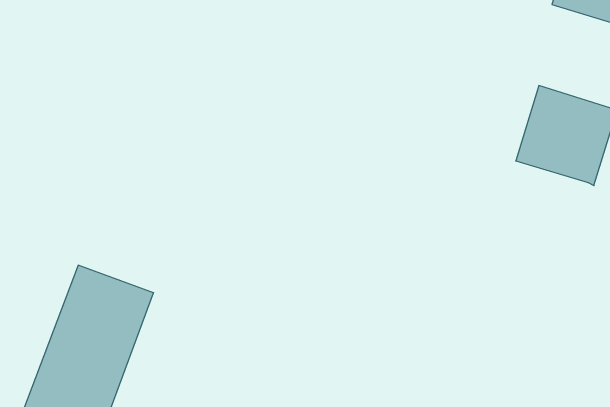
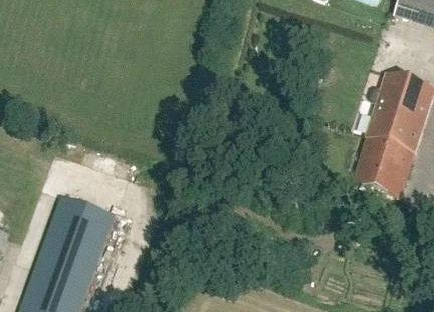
building: none -> [354,123,418,197]

